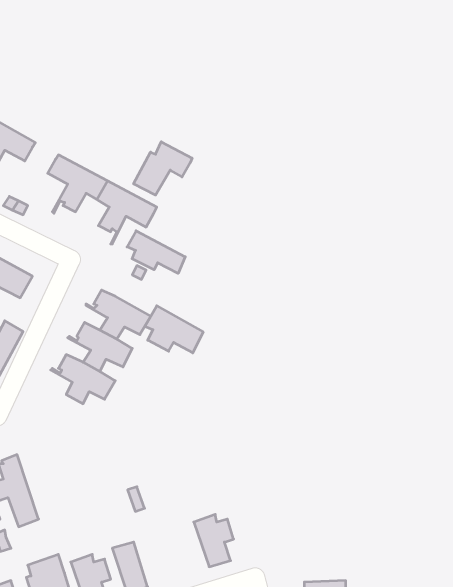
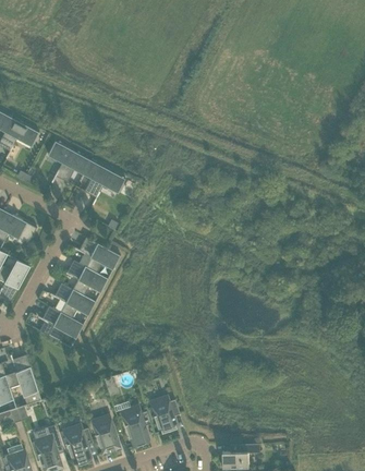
building: [134,142,192,195] -> none
building: [127,231,185,273] -> none
building: [145,306,203,353] -> none
building: none -> [37,306,83,342]
building: none -> [121,407,149,444]

